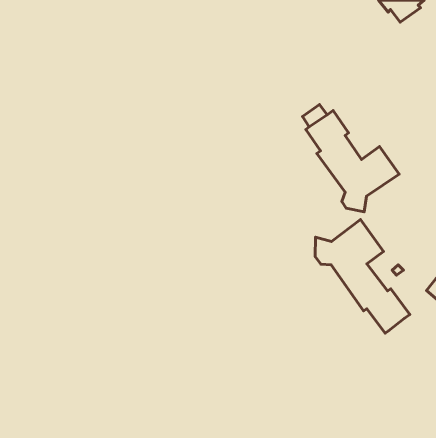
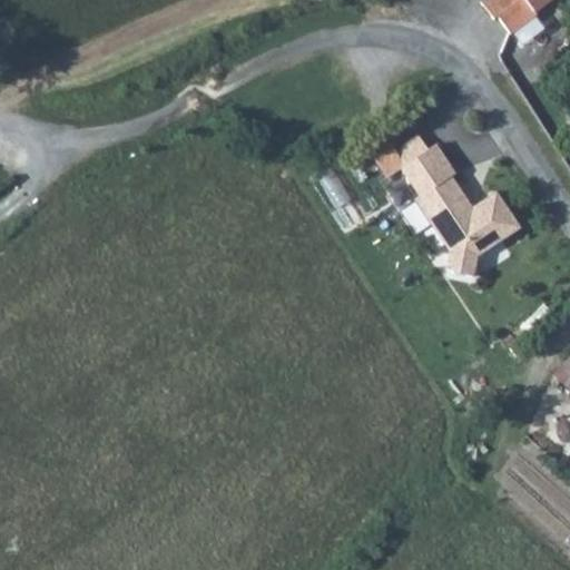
building: [315,219,410,333] -> none

